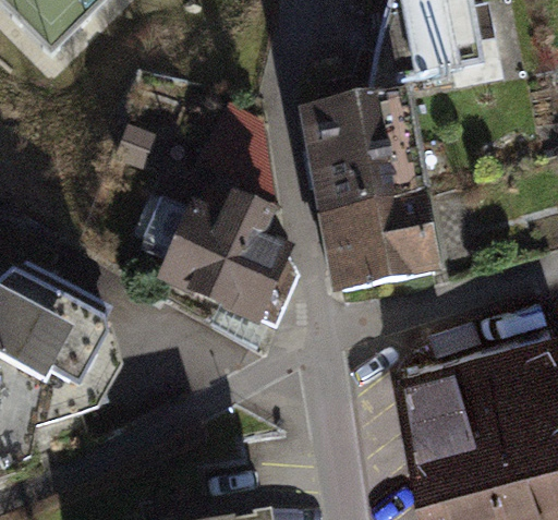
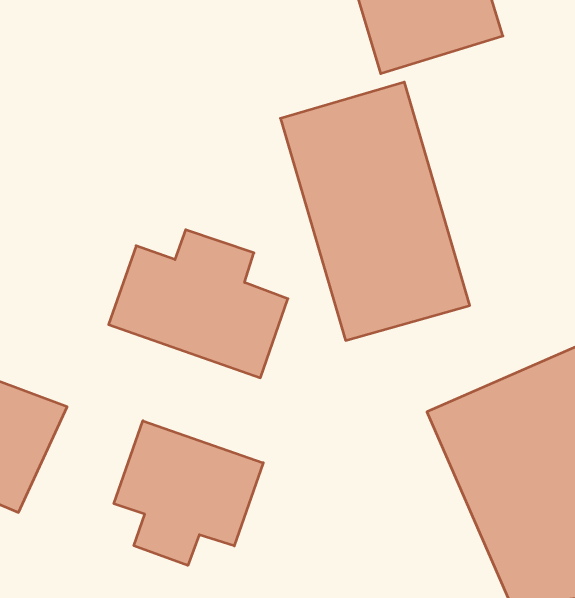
building: none -> [114,421,263,565]

